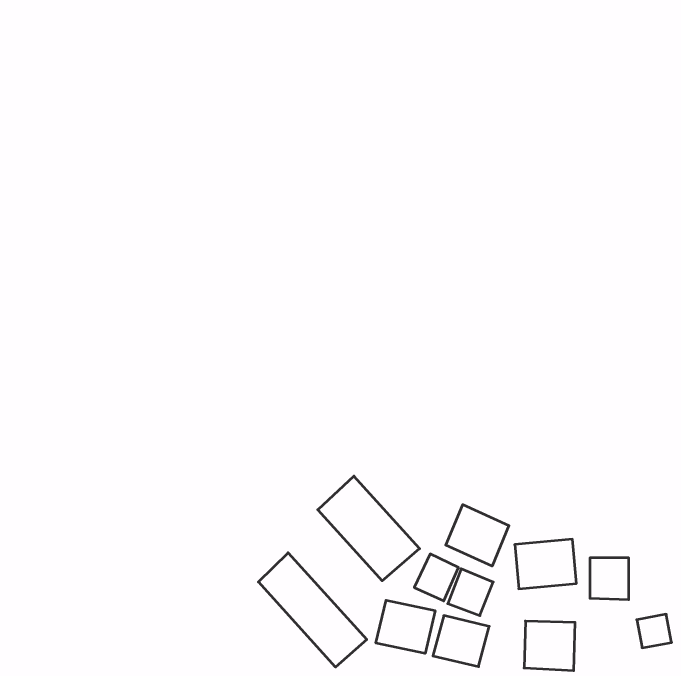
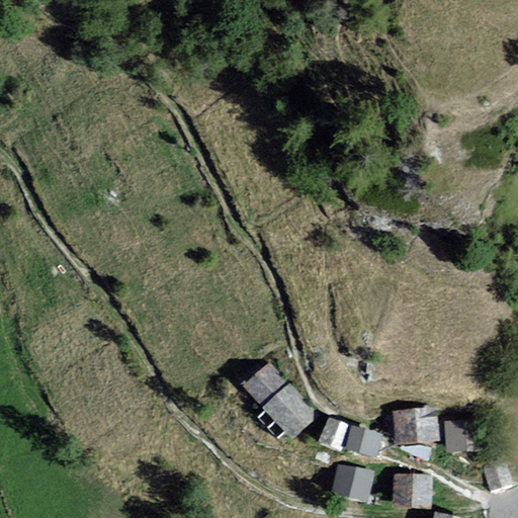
building: [446,505,509,566] -> none
building: [258,553,367,667] -> none
building: [376,600,435,653] -> none

